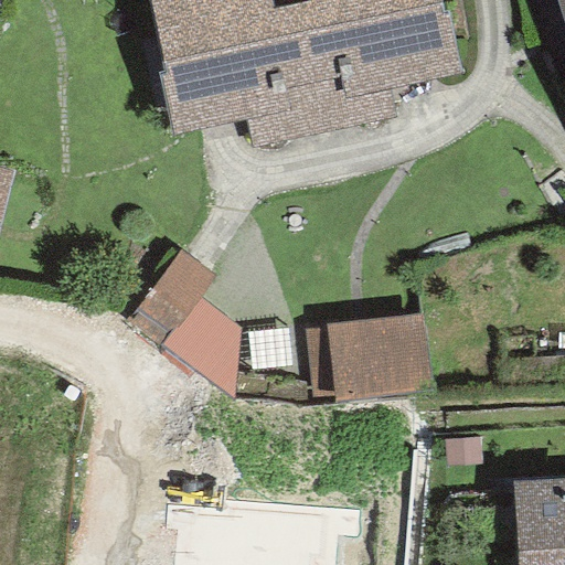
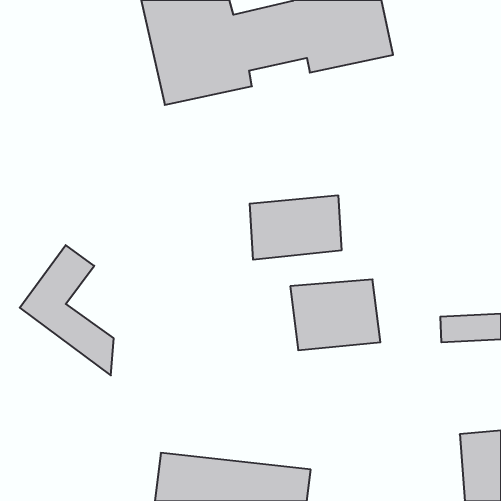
building: none -> [250,195,341,260]
building: [128,248,234,395] -> [20,245,114,375]

